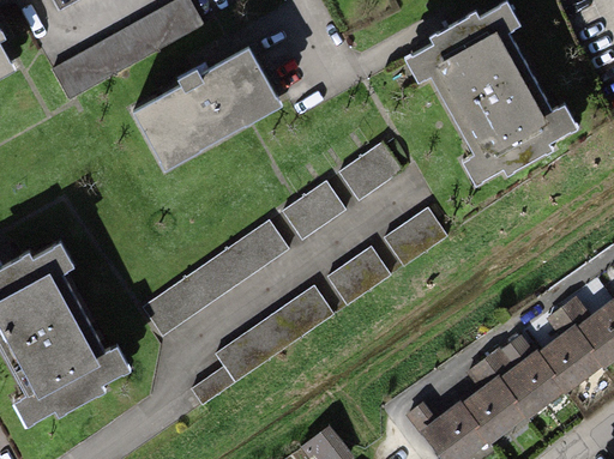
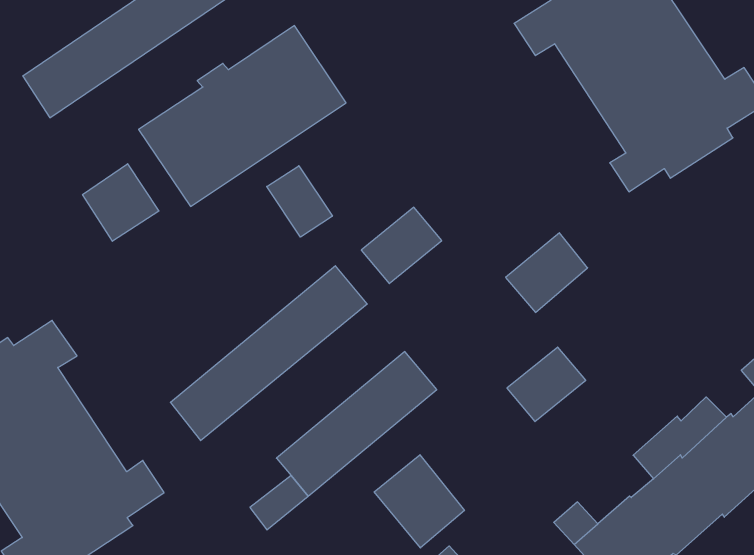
building: none -> [83,164,159,241]
building: [339,144,397,197] -> none
building: none -> [267,166,332,237]
building: [330,250,386,302] -> [507,347,586,422]
building: none -> [374,455,464,548]

